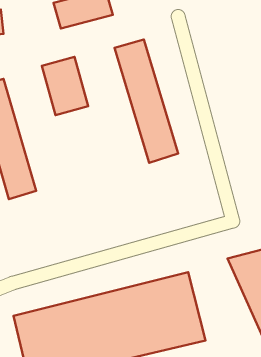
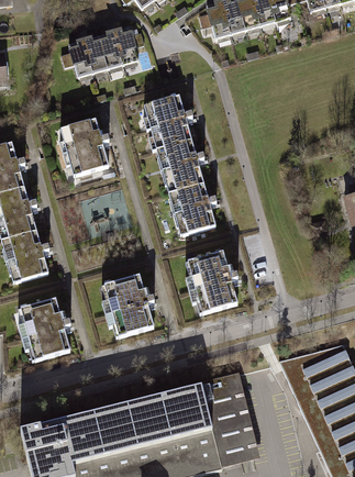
building: none -> [185,251,240,322]
building: none -> [101,275,156,345]
building: none -> [15,297,70,367]

